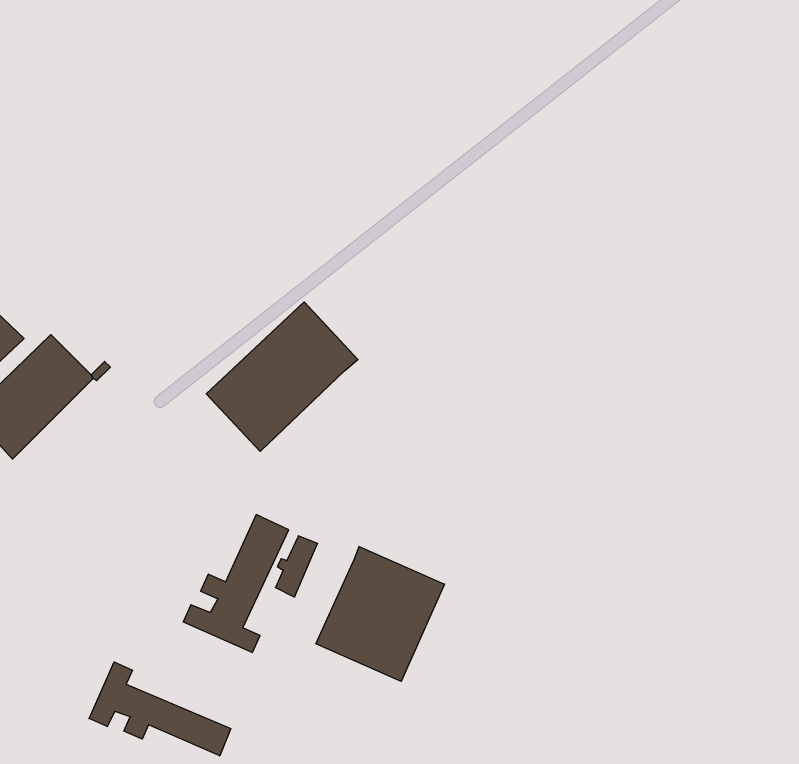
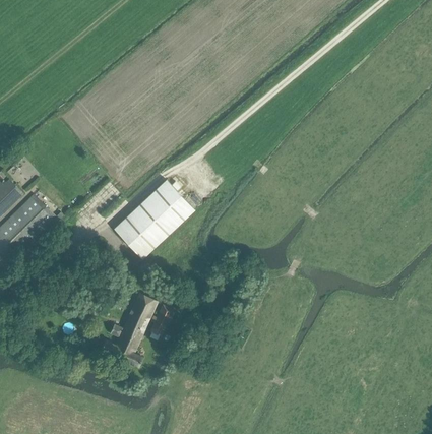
building: [316,546,445,681] -> none
building: [89,662,231,756] -> none

